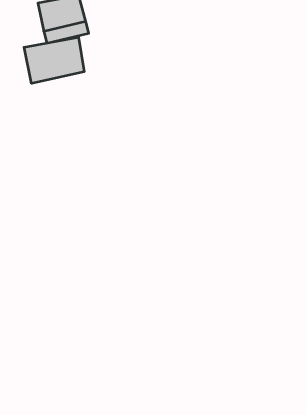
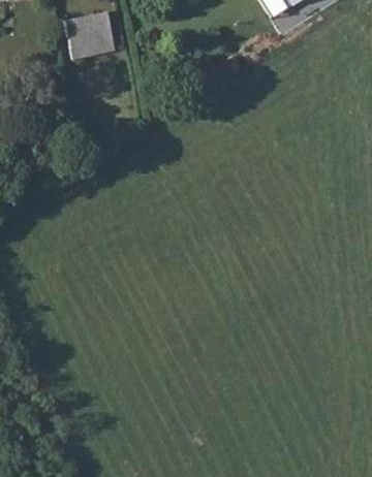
building: [24,37,84,83] -> none

